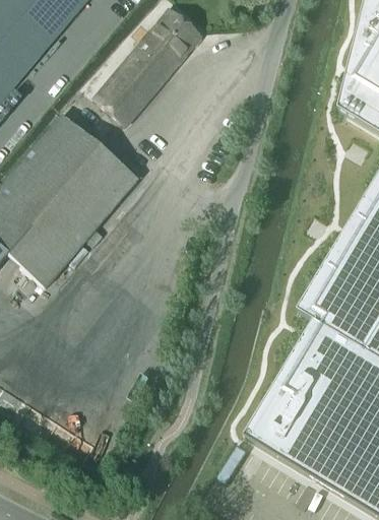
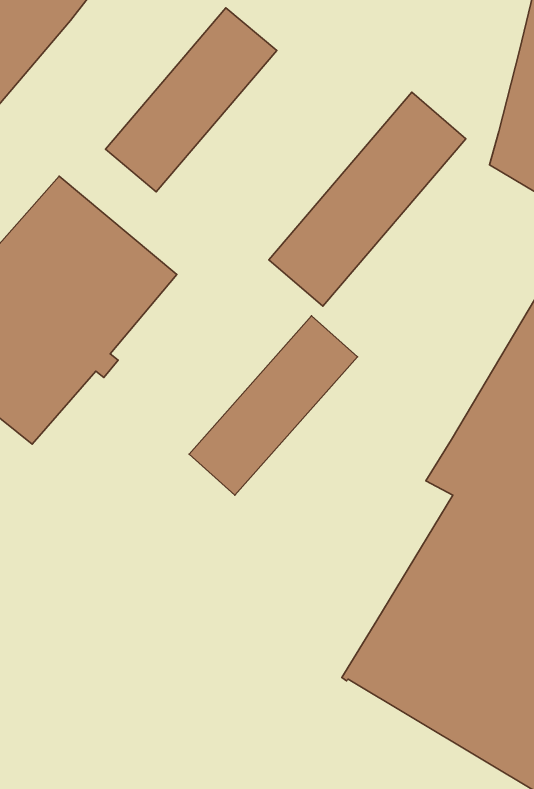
building: none -> [269,92,466,306]
building: none -> [189,316,357,495]

